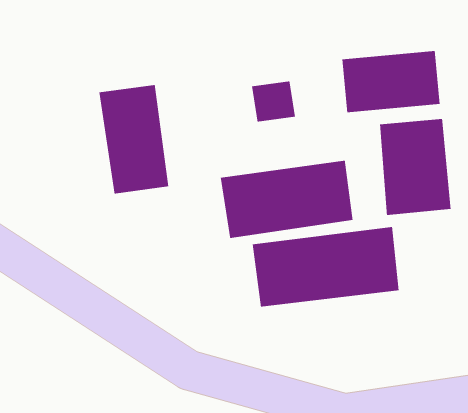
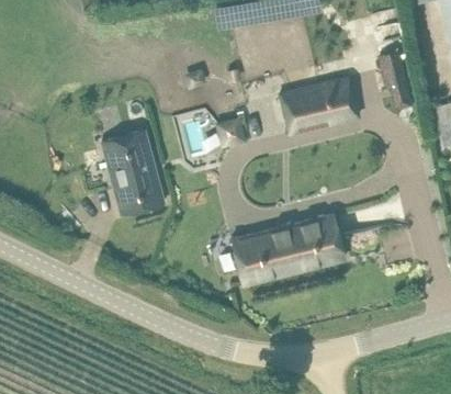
building: [379,118,451,216] -> none
building: [220,160,353,239] -> none

